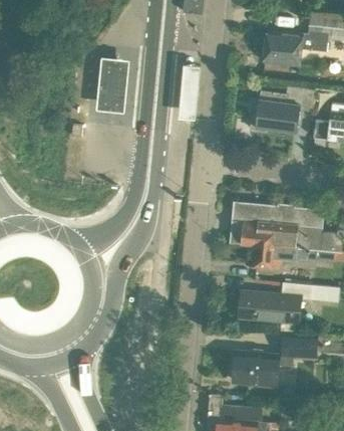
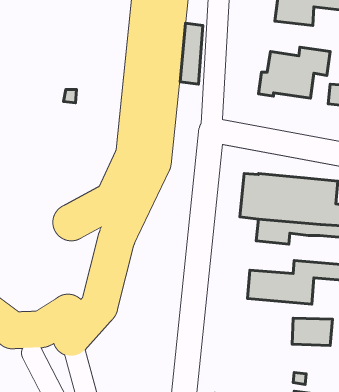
building: [95,58,128,114] -> none
building: [232,353,279,388] -> none

